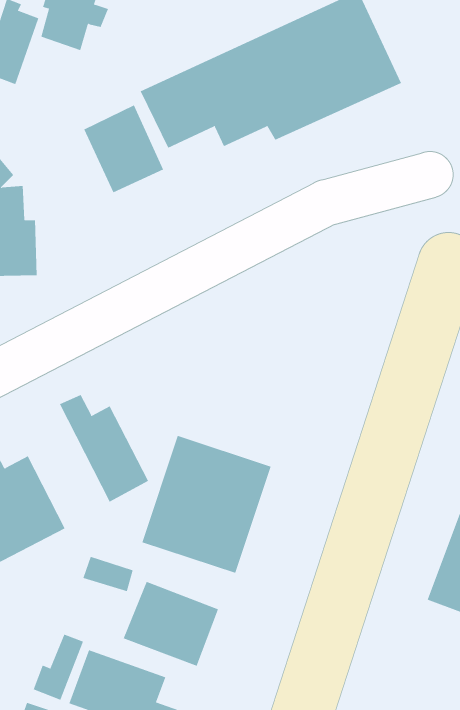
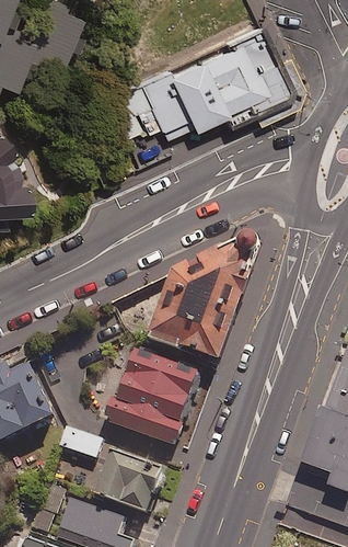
building: [84,104,164,193] -> none
building: none -> [150,241,265,366]
building: [59,394,149,502] -> none

